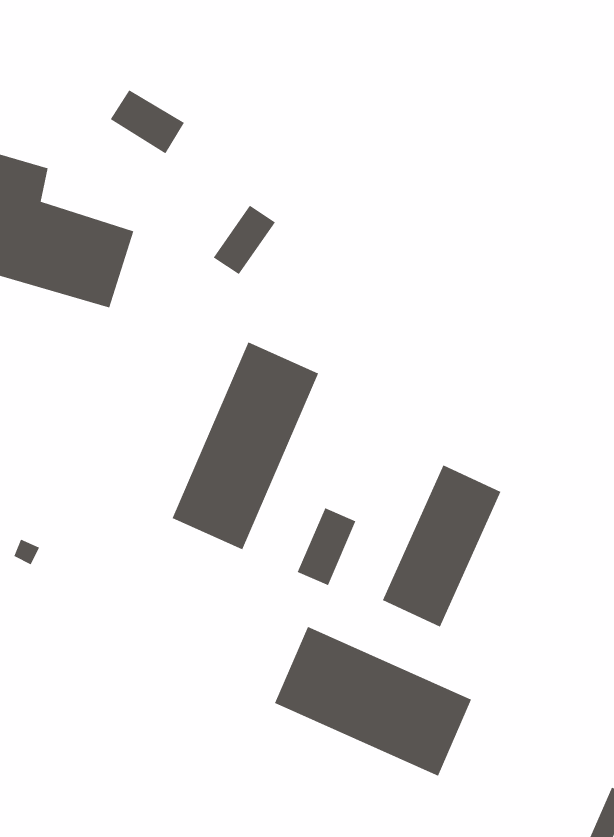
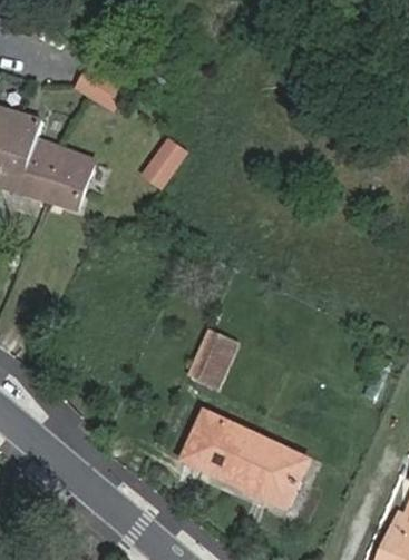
building: [172,341,319,550] -> none
building: [382,465,501,627] -> none

